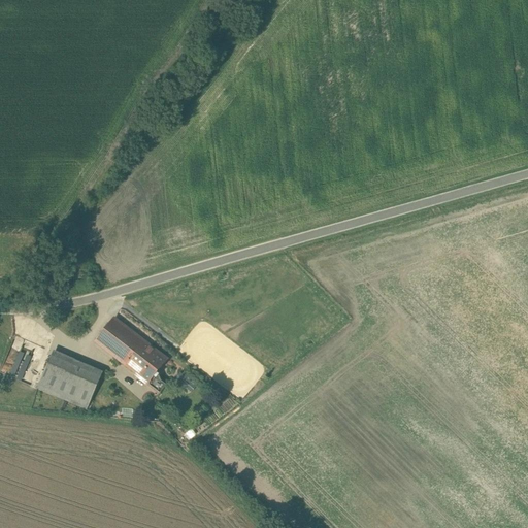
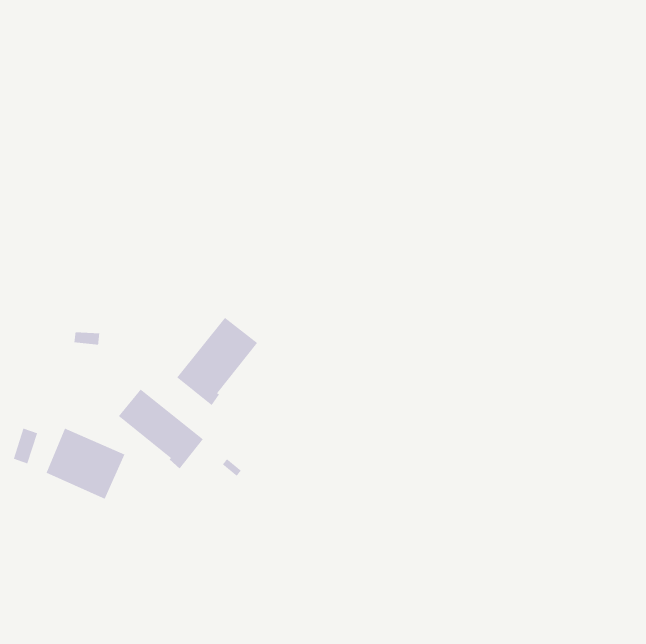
building: none -> [176,317,258,406]

